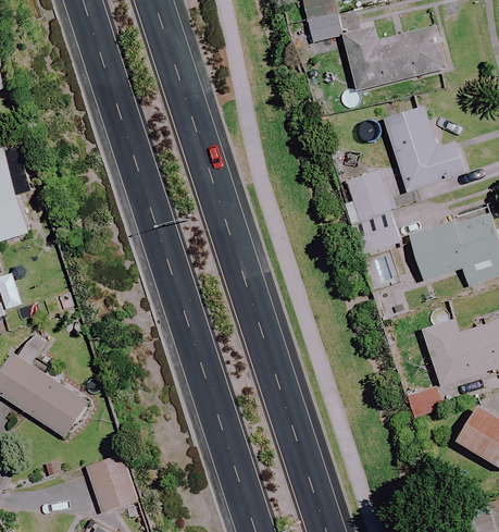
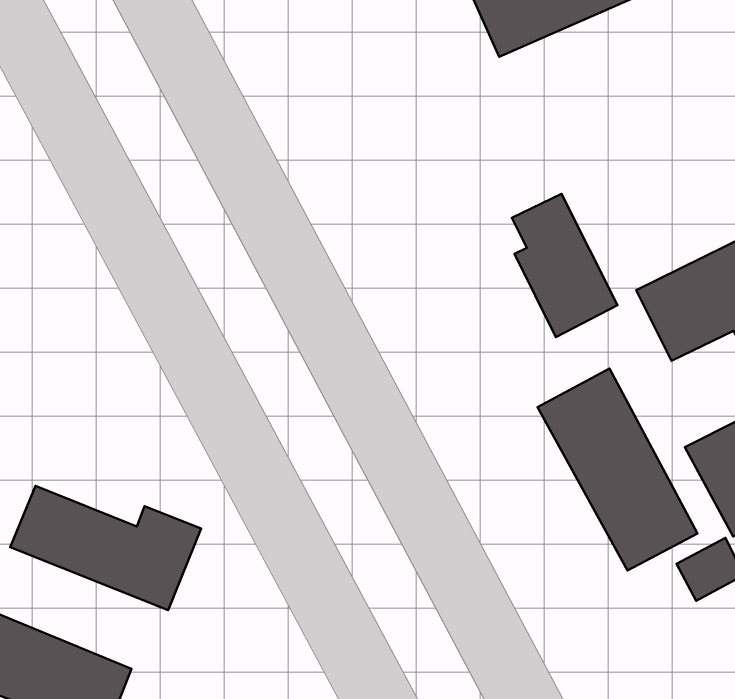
building: [383,103,464,190] -> none
building: none -> [537,368,698,570]
building: none -> [10,486,201,610]

